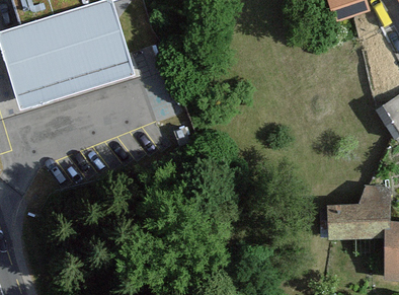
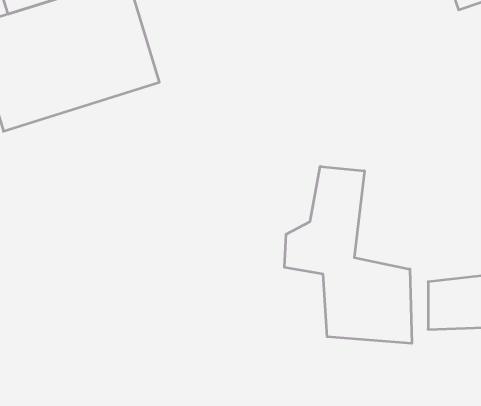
building: none -> [285,166,412,343]

